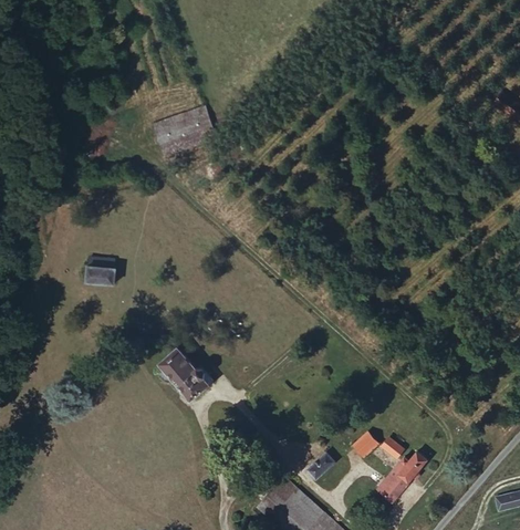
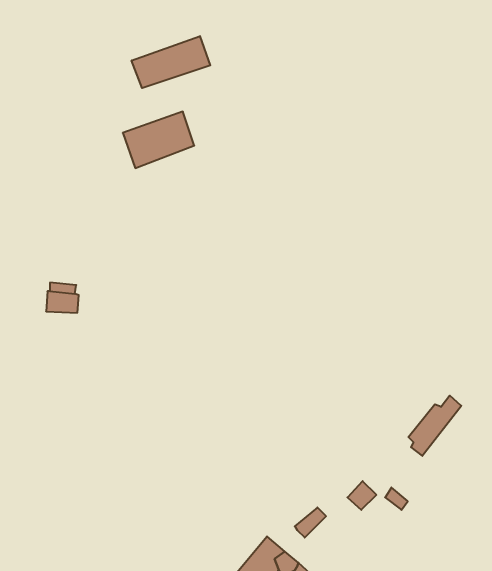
building: none -> [132,36,210,88]
building: [160,349,215,397] -> none
building: [381,449,427,502] -> [408,396,461,456]

